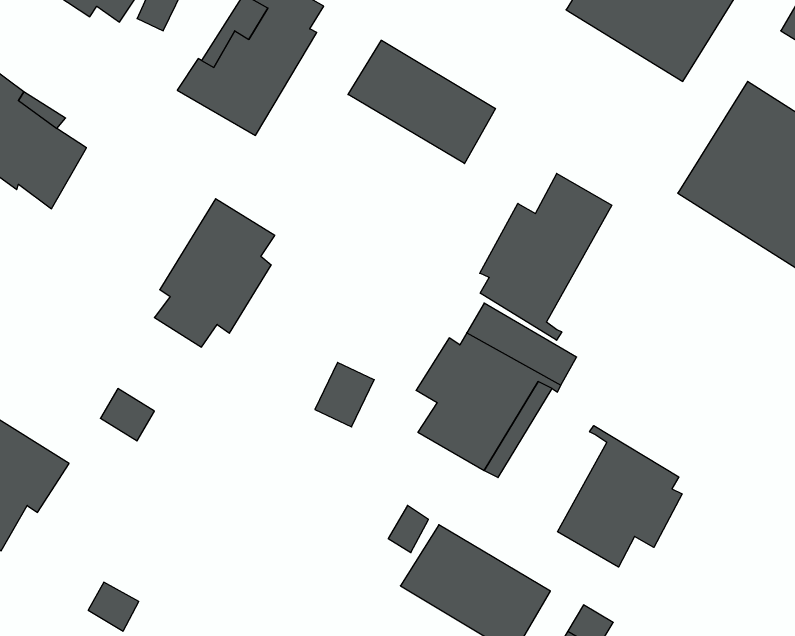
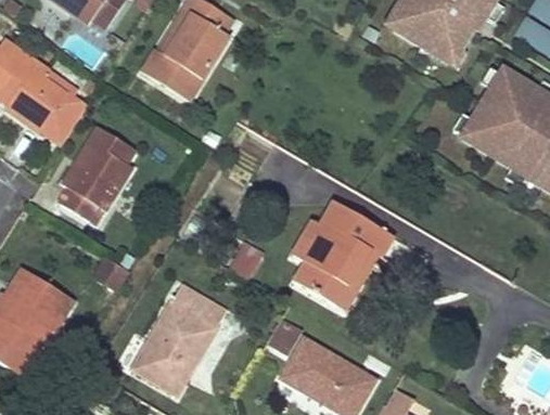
building: [348,40,495,164] -> none
building: [480,173,612,340] -> none
building: [154,199,275,347] -> [60,126,135,218]
building: [558,426,682,567] -> none
building: none -> [132,285,226,395]

